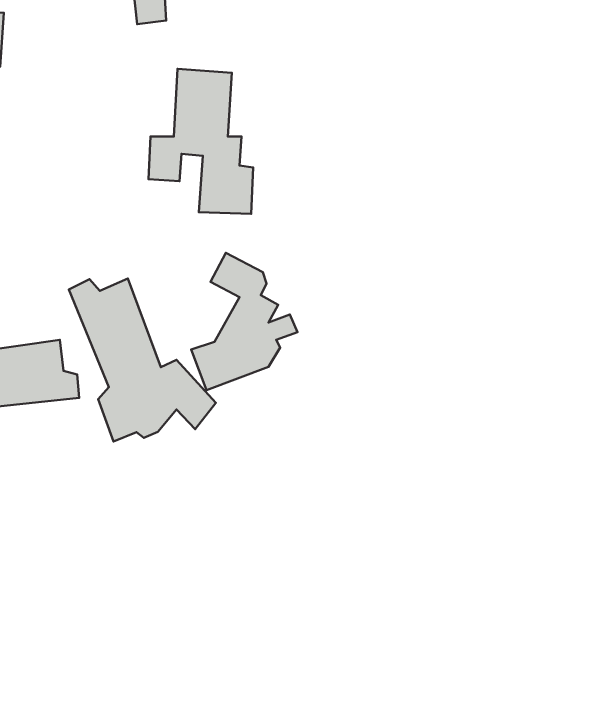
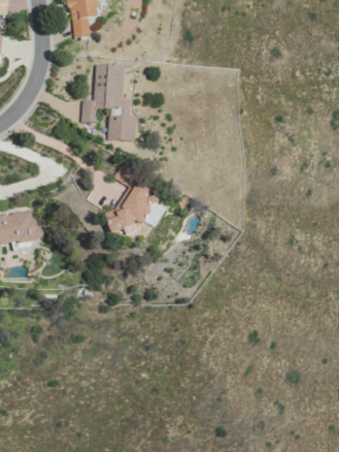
building: [69,279,216,442] -> none

